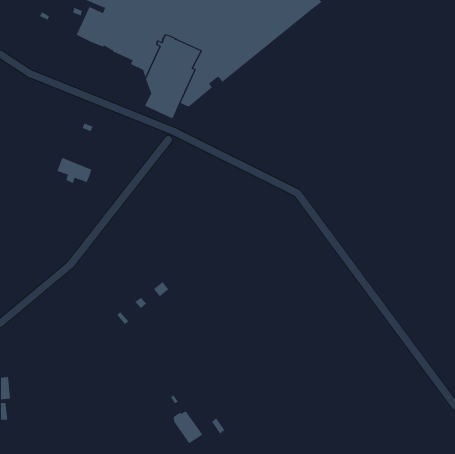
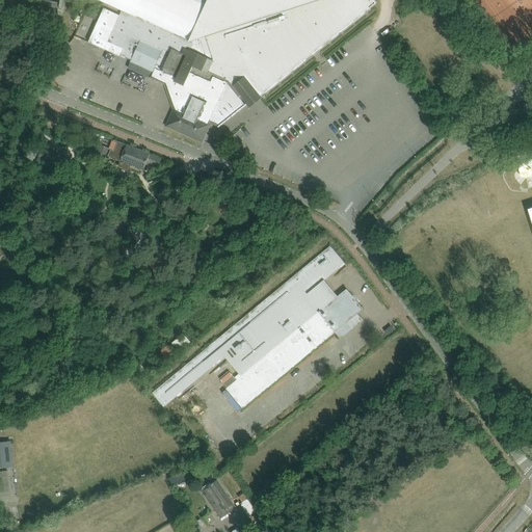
building: [57,157,92,184] -> [108,138,150,169]
building: none -> [154,245,364,408]

